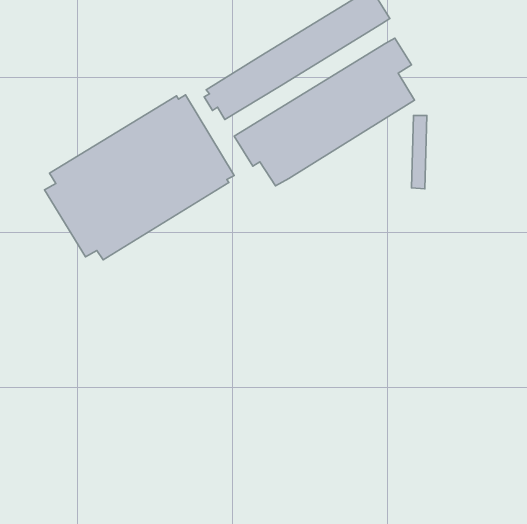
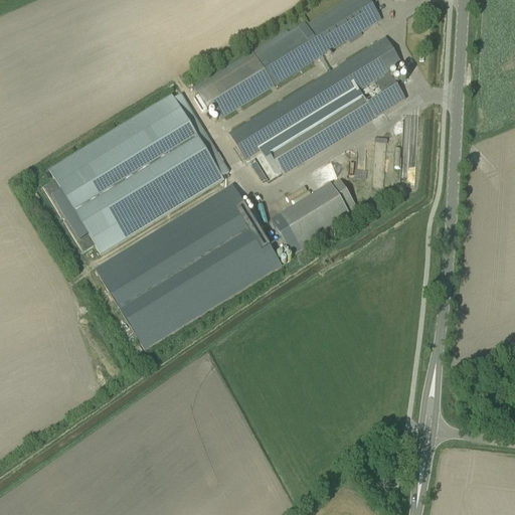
building: none -> [279,179,356,248]
building: none -> [95,184,281,348]

